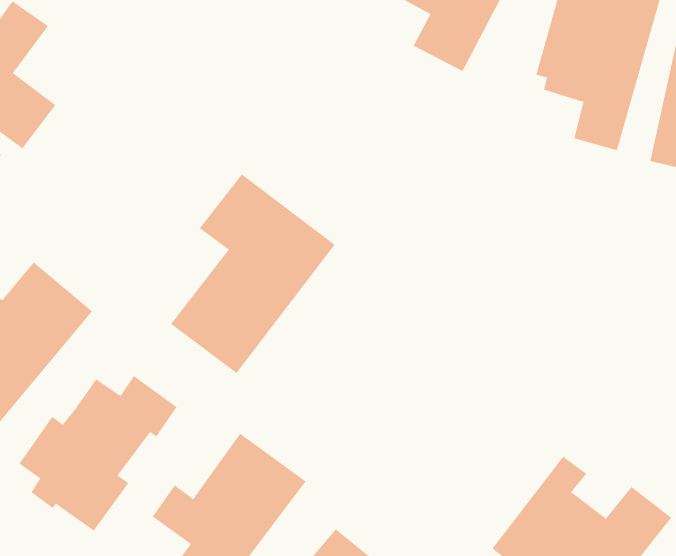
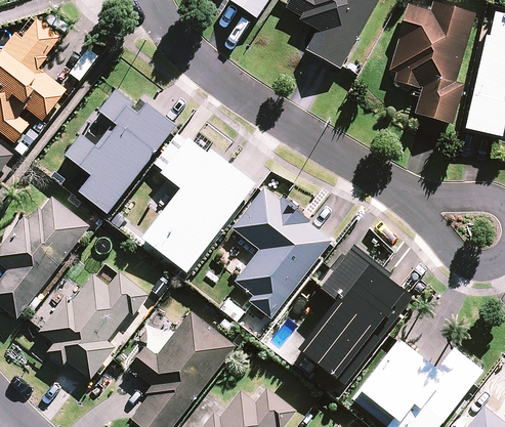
building: none -> [65,90,176,214]
building: none -> [233,187,331,317]
building: none -> [299,246,403,381]

